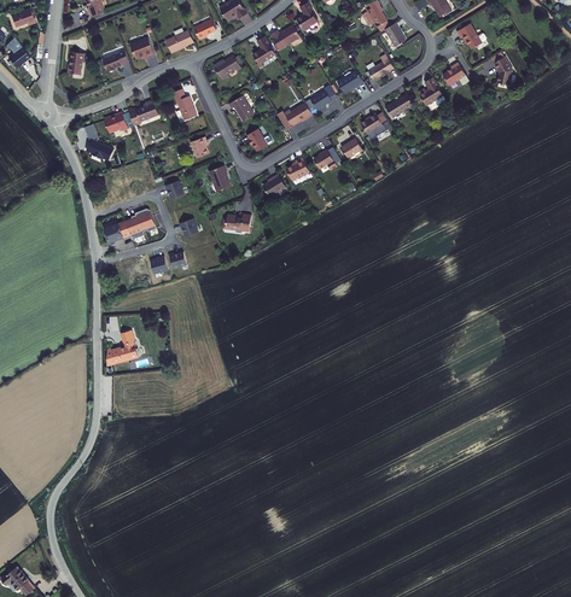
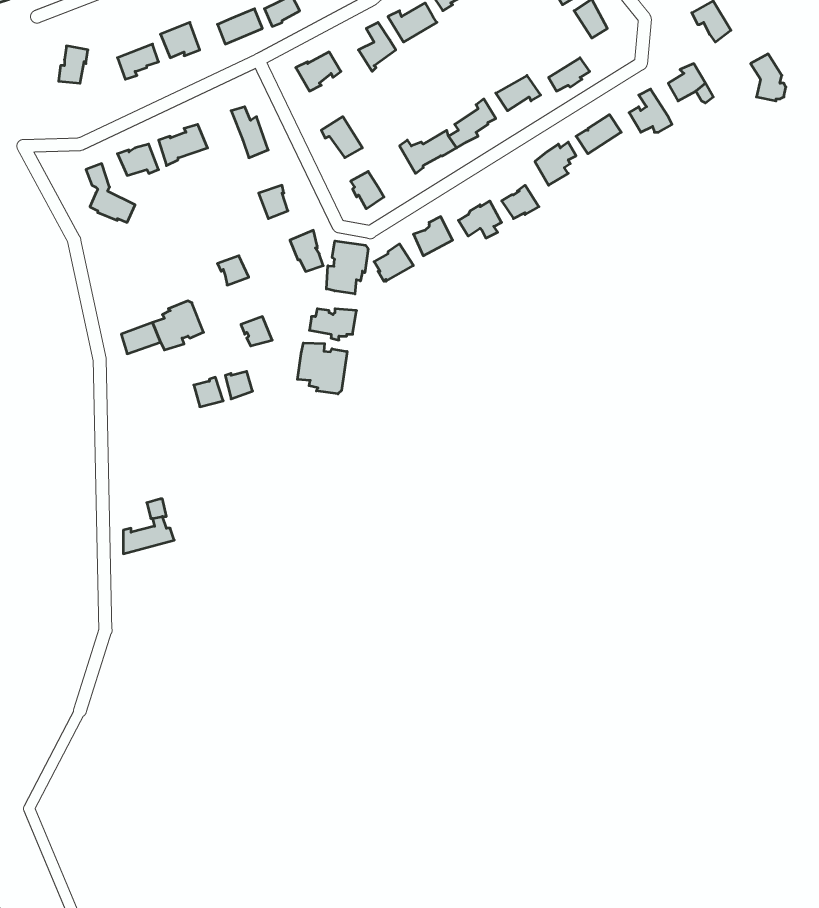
building: none -> [326,241,368,294]
building: none -> [297,343,347,394]

